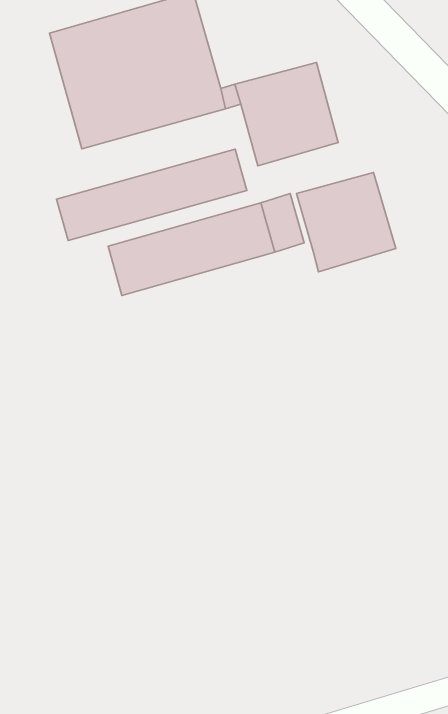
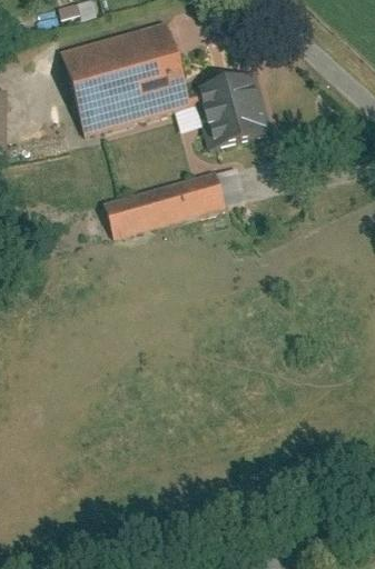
building: [56,149,247,240] -> none
building: [296,172,396,272] -> none

